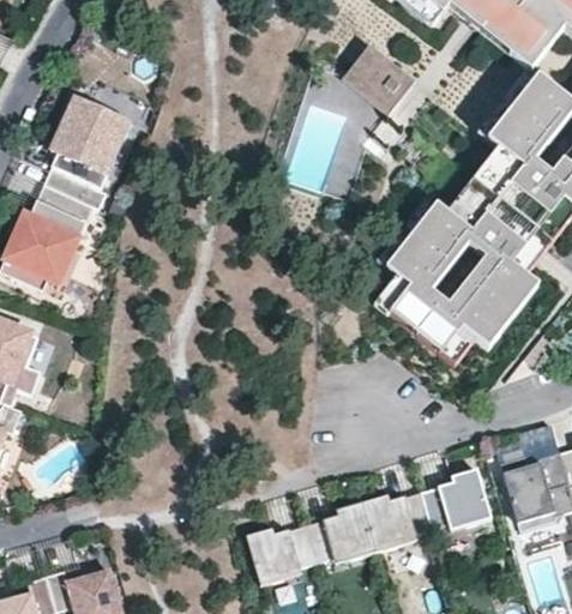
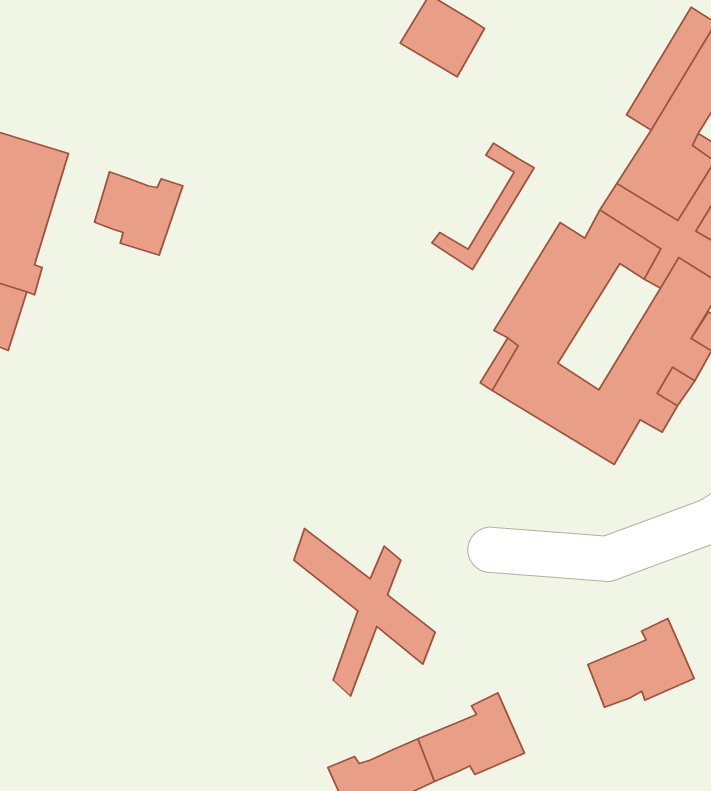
building: none -> [94,172,183,255]
building: [427,236,499,315] -> [432,143,534,269]
building: none -> [294,529,435,696]
building: [361,490,428,542] -> none

